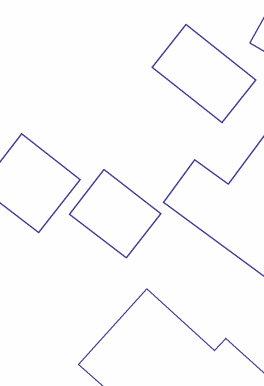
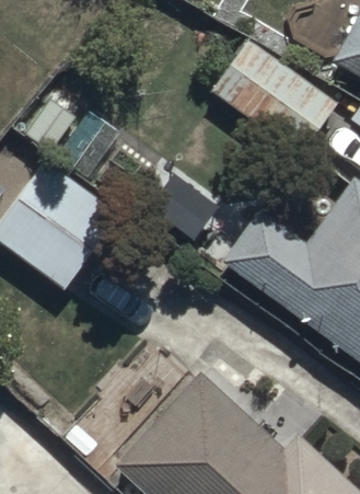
building: [70,170,161,258] -> none

